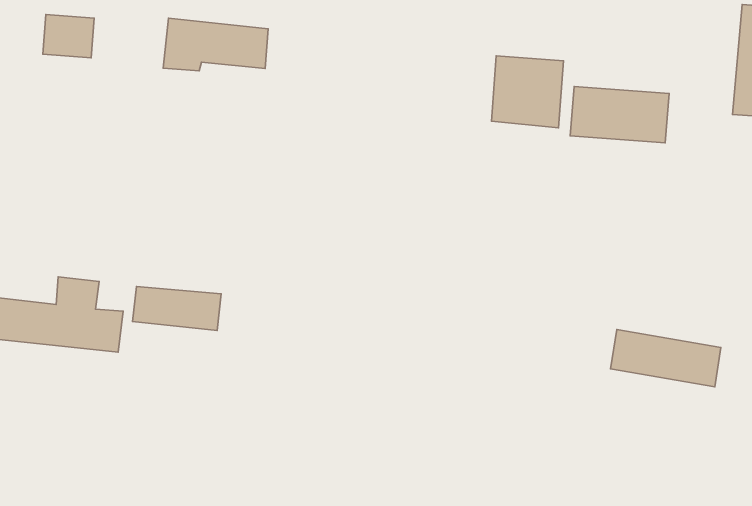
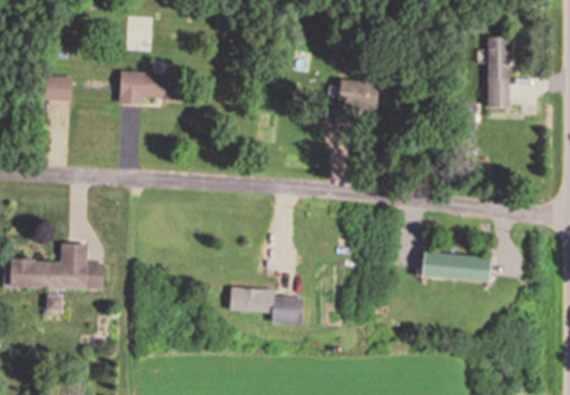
building: [570,87,669,143] -> none
building: [133,287,221,331] -> none
building: none -> [228,286,302,323]

